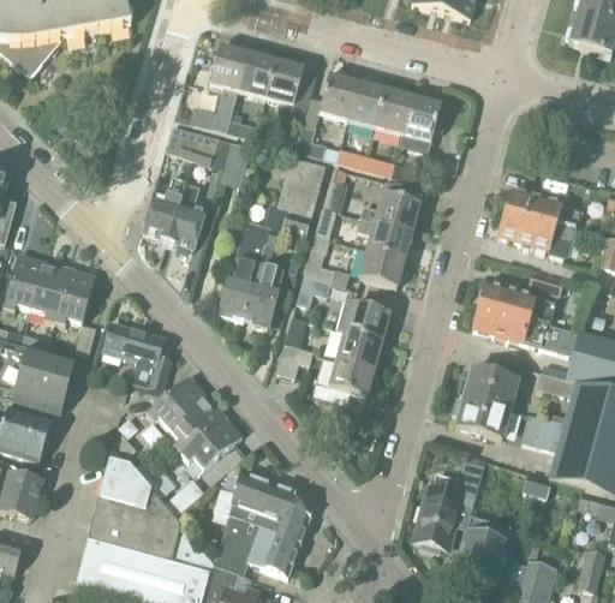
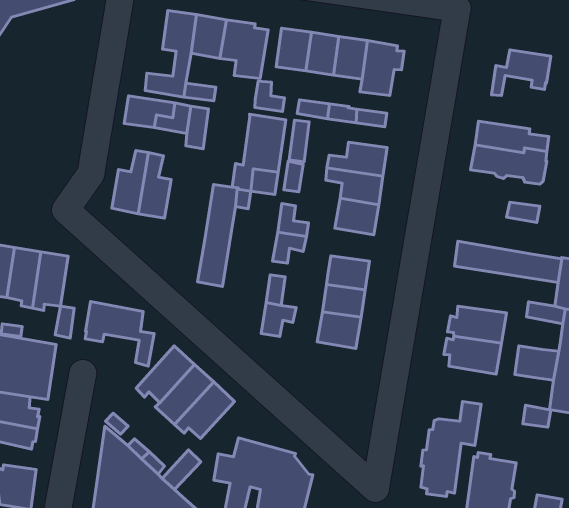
building: none -> [491,50,551,96]
building: [243,268,280,329] -> none
building: [478,281,554,324] -> none

